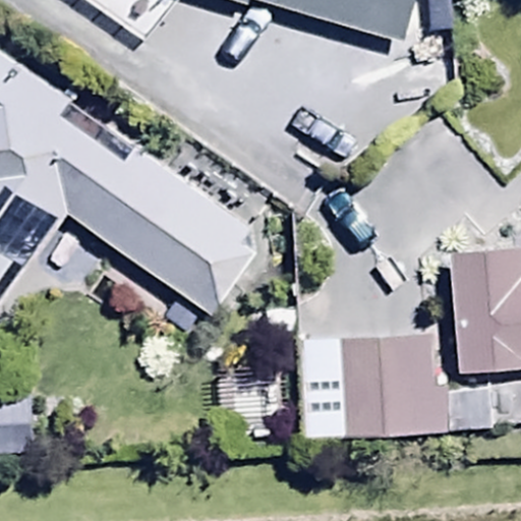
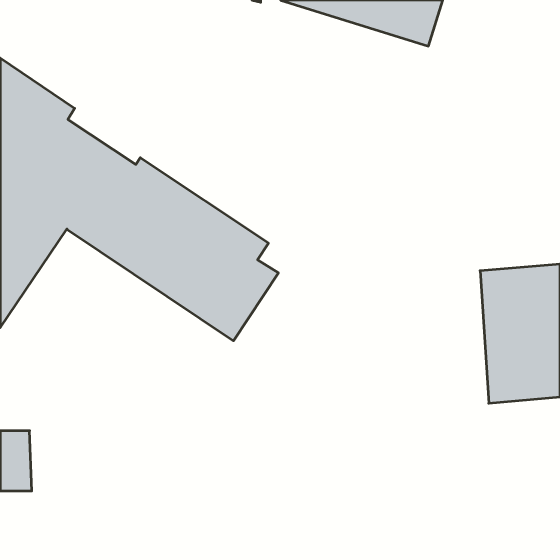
building: [300,330,490,439] -> none

